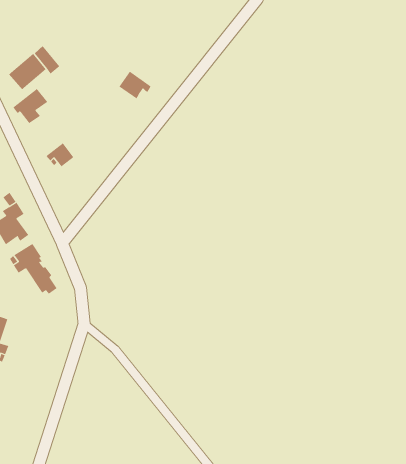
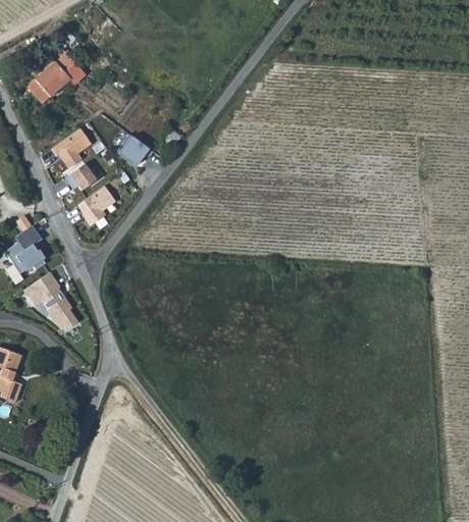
building: [118,71,151,99] -> [119,135,156,166]
building: [12,88,48,124] -> [52,126,92,166]
building: none -> [77,184,115,224]

